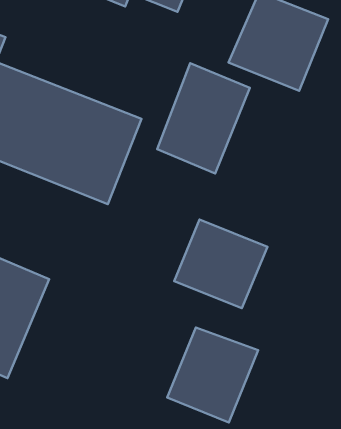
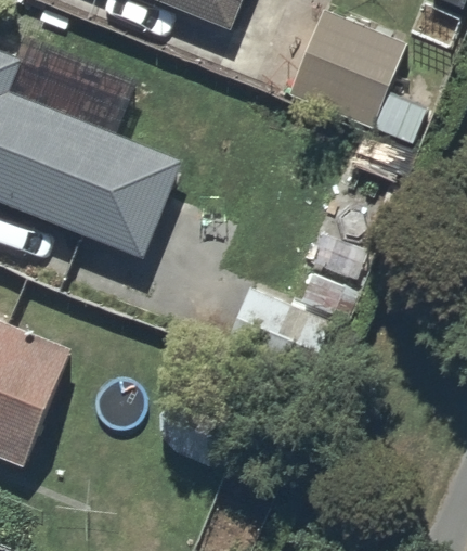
building: [157,63,250,174] -> none
building: [167,327,258,422] -> none

